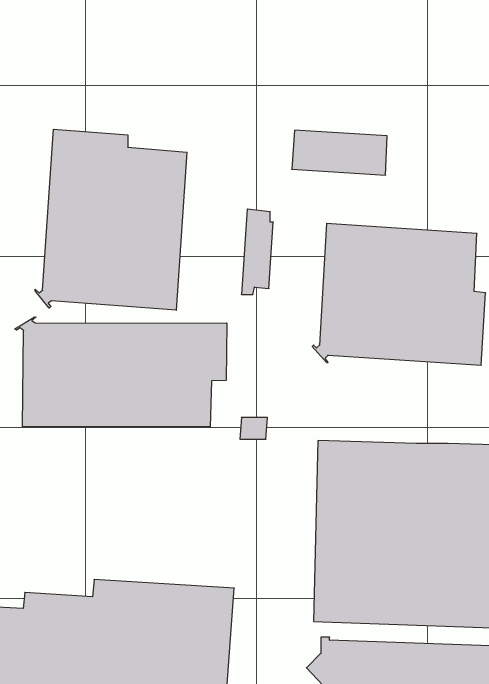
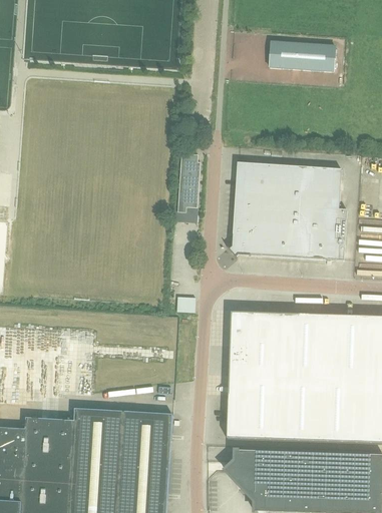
building: [35,129,187,310] -> none
building: [292,130,387,175] -> [269,42,335,73]
building: [15,317,227,427] -> none

